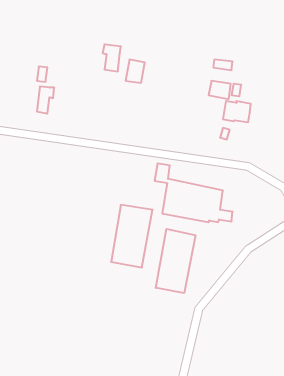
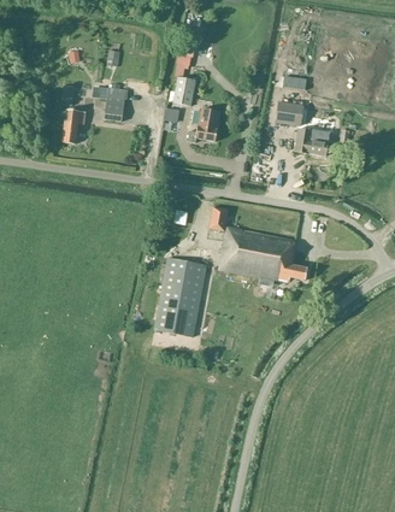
building: [103,44,121,71] -> [102,87,125,120]
building: none -> [188,108,220,142]
building: [156,229,195,293] -> none

